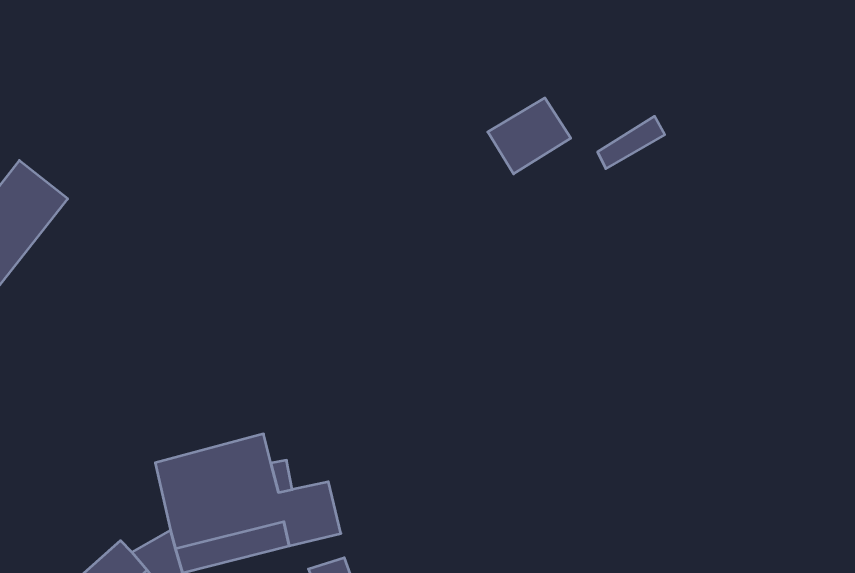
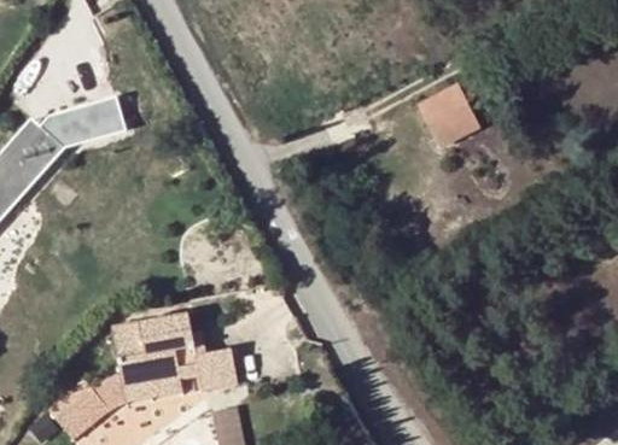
building: [488,98,571,174] -> [416,88,473,139]
building: none -> [77,98,122,140]

